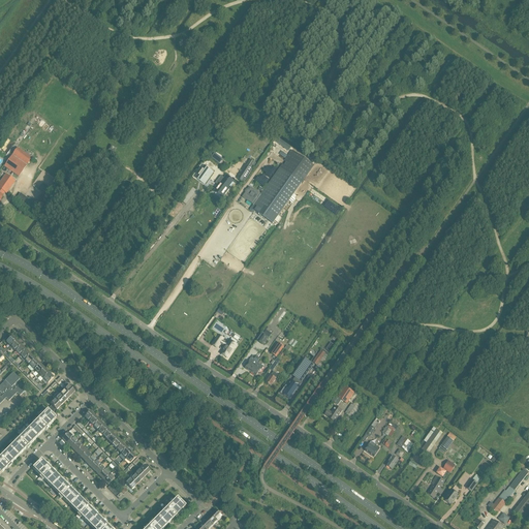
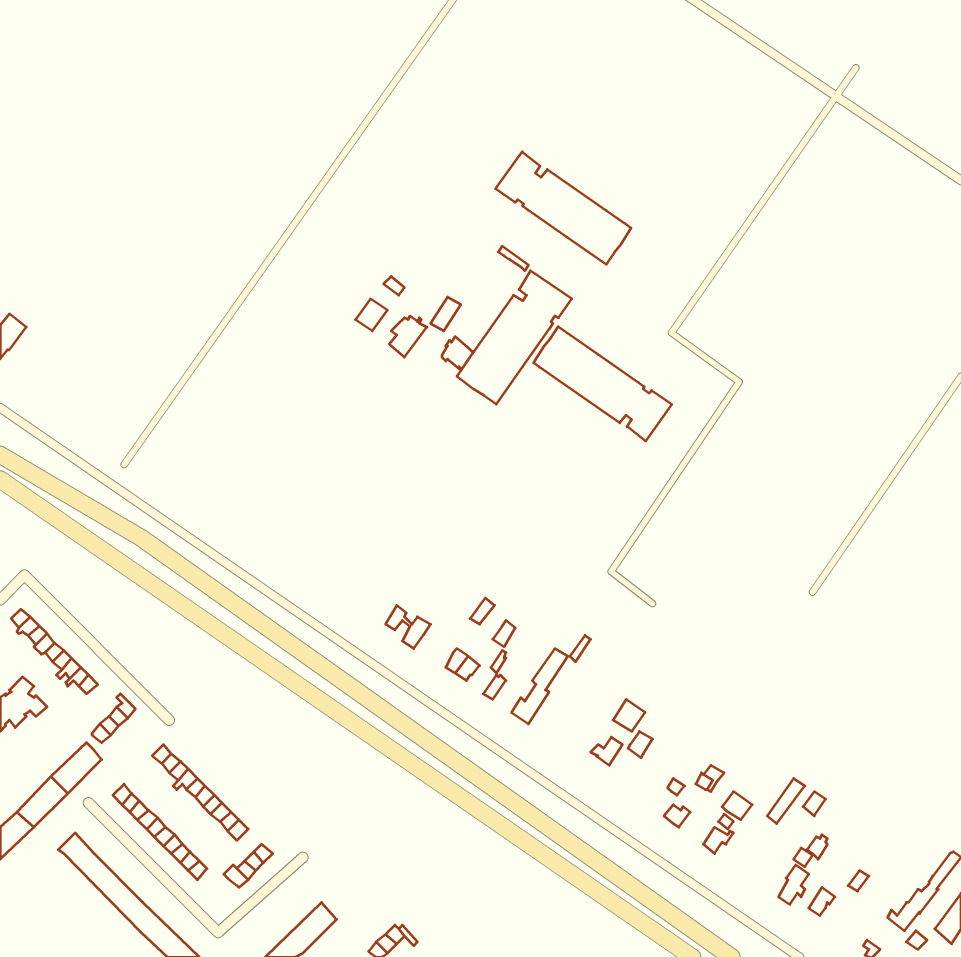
building: none -> [496,152,631,264]
building: [4,146,31,175] -> none
building: none -> [534,327,672,441]

